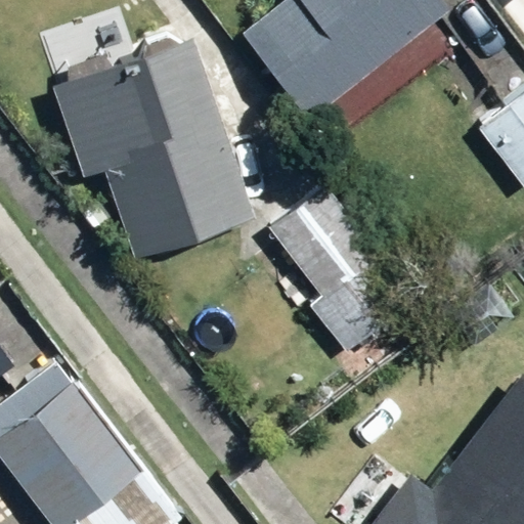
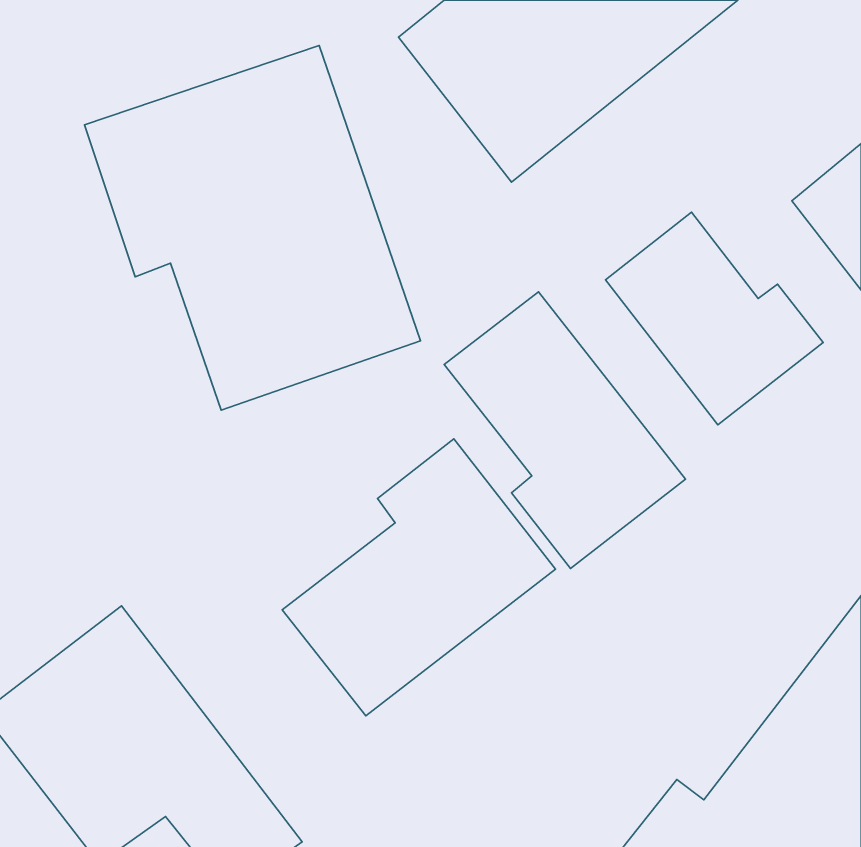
building: none -> [606,212,823,425]
building: none -> [282,439,556,716]

